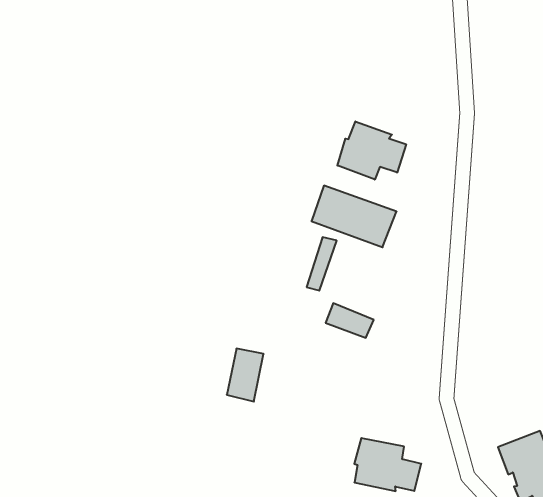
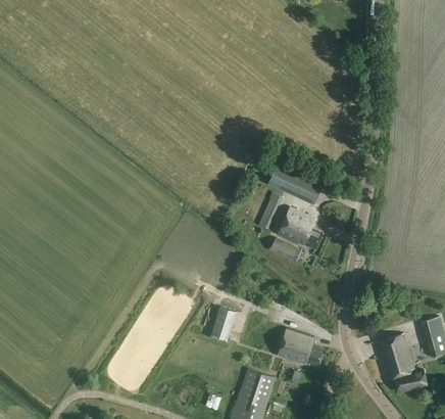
building: [337,121,406,180] -> none
building: none -> [277,206,324,248]
building: [227,349,264,402] -> [209,307,236,342]

